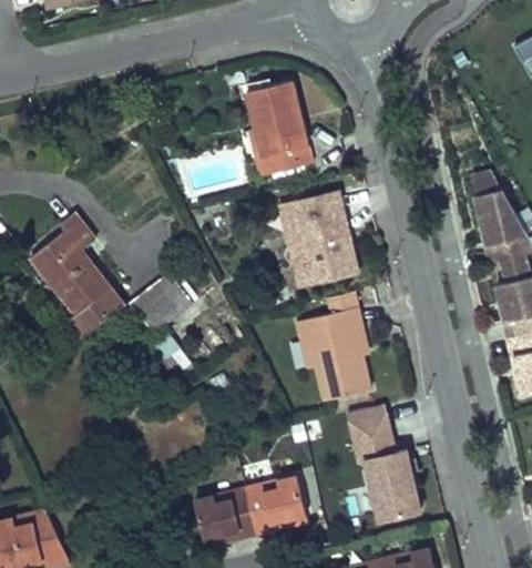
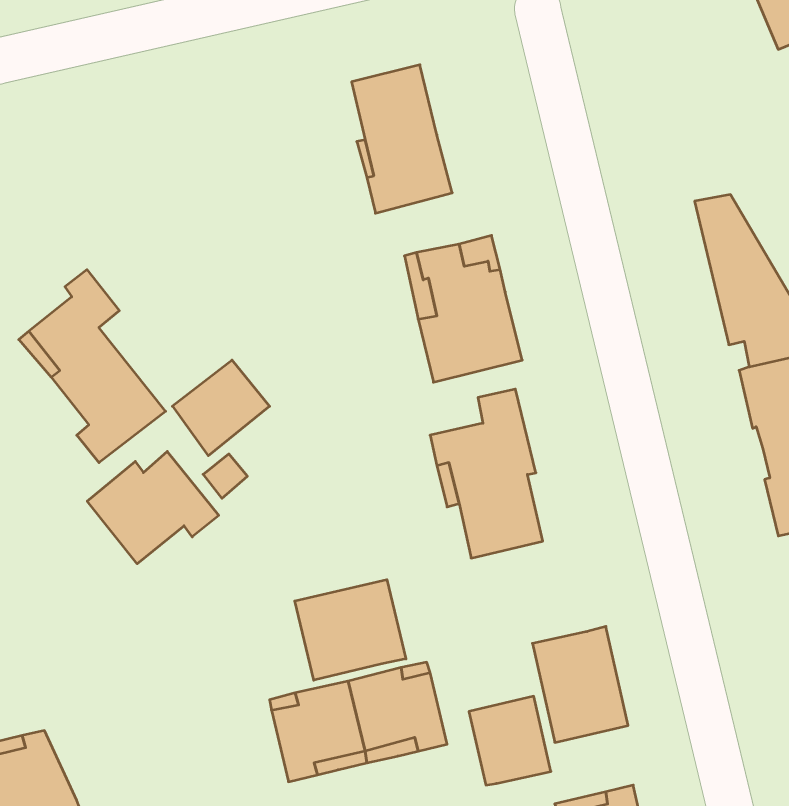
building: none -> [87,451,219,564]
building: [346,402,399,459] -> [469,696,551,785]
building: none -> [295,580,406,680]

